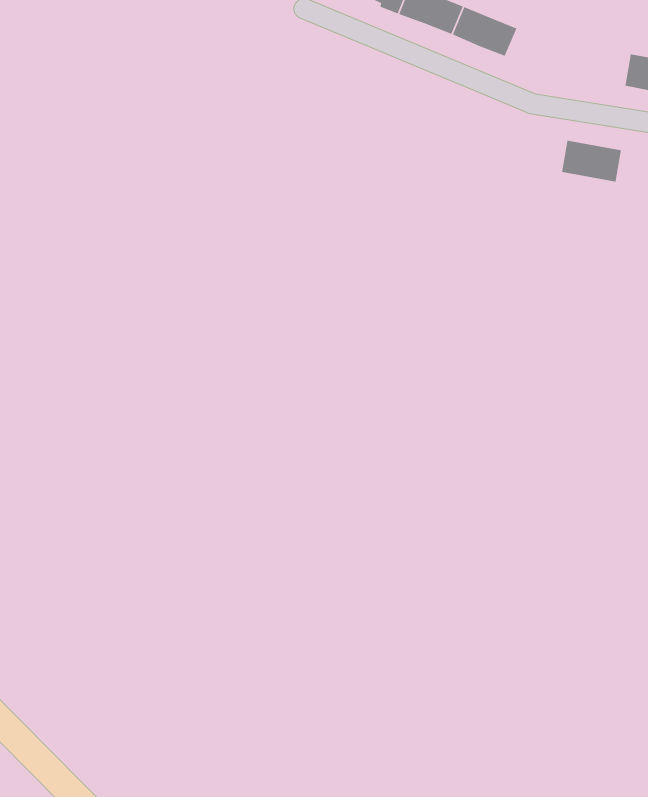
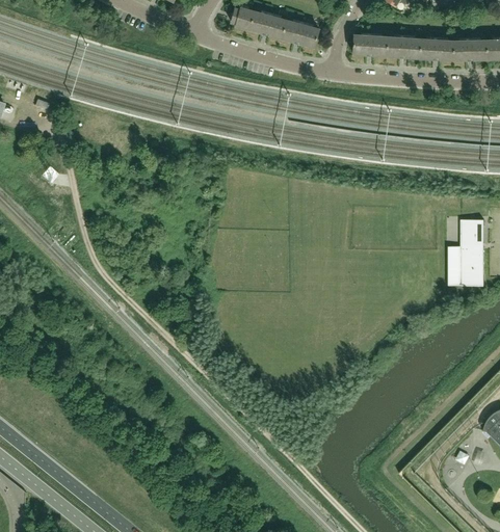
building: [561,140,622,182] -> [353,34,388,56]

